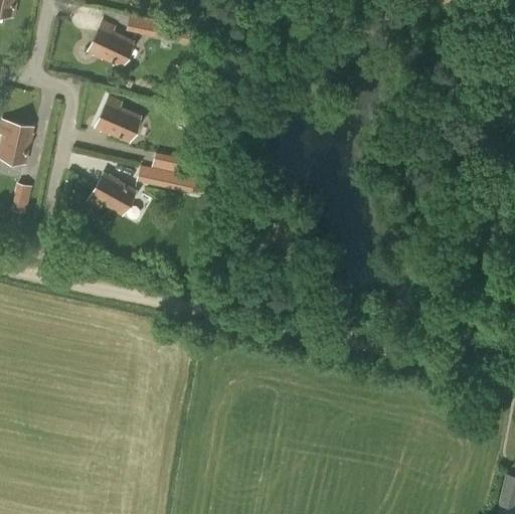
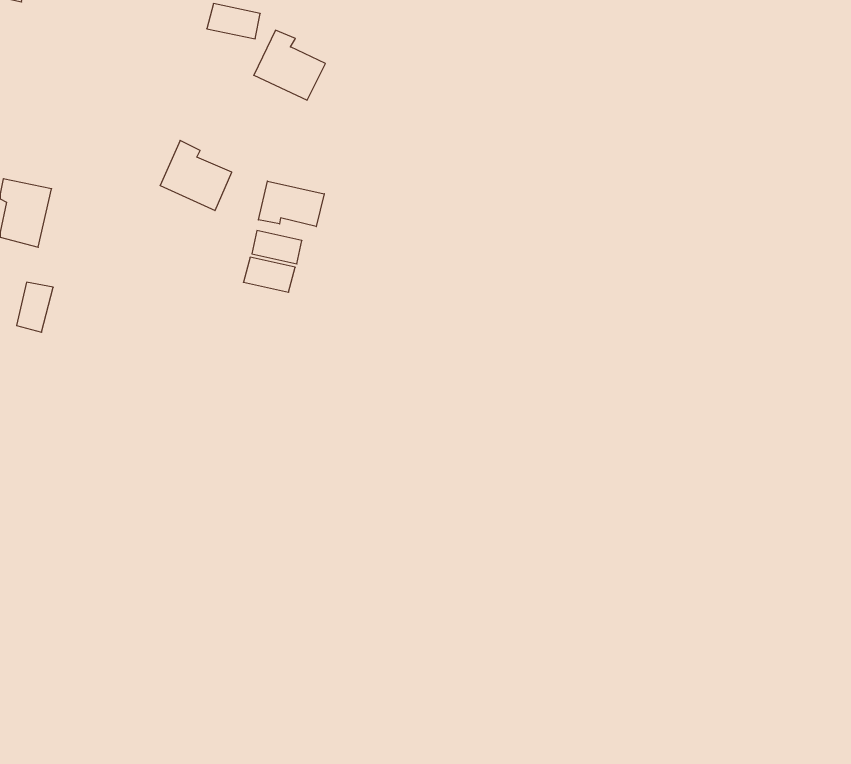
building: [90,23,133,65] -> [254,30,325,100]
building: none -> [258,181,324,227]
building: [89,174,135,214] -> none

